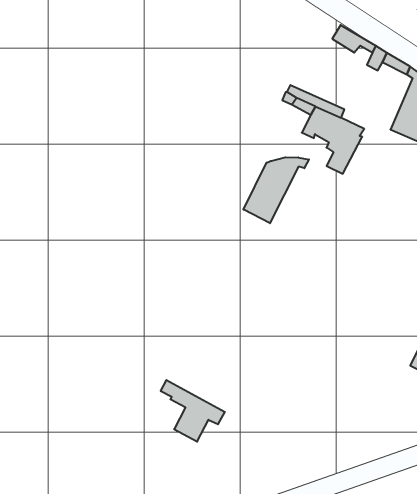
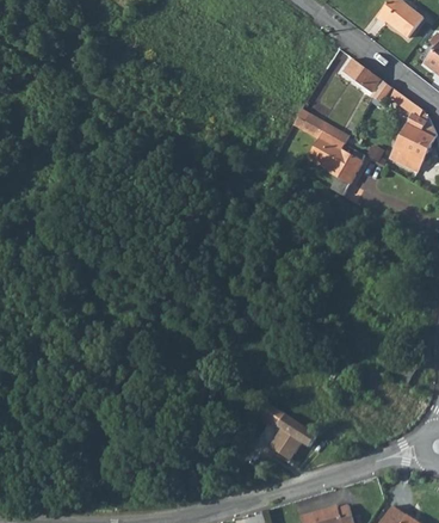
building: [243,157,309,223] -> none
building: [161,380,225,442] -> [259,402,316,461]

